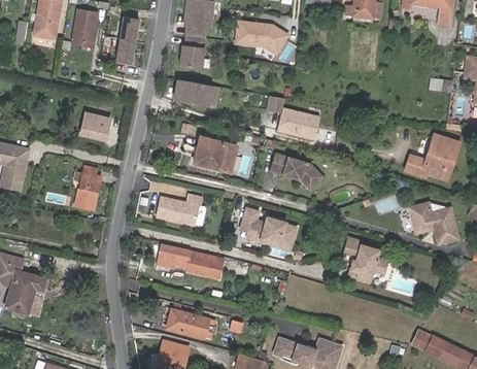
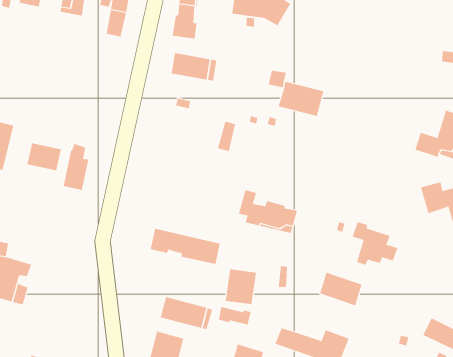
building: [80,104,111,139] -> none
building: [194,138,227,170] -> none
building: [270,154,323,191] -> none
building: none -> [27,143,62,171]
building: [155,195,202,225] -> none
building: none -> [225,269,257,305]
building: none -> [319,272,362,306]

